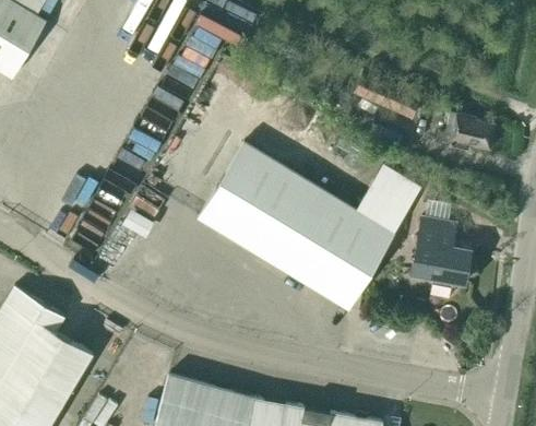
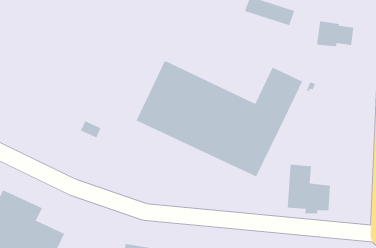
building: [410,217,471,286] -> [287,164,331,214]

